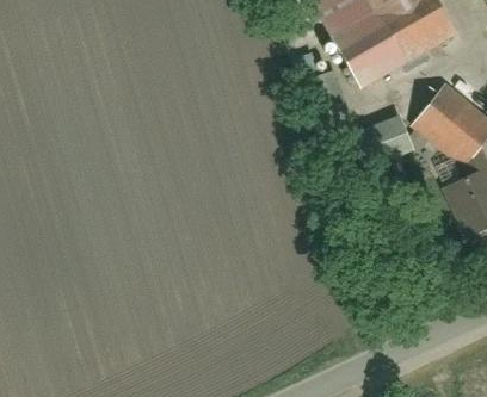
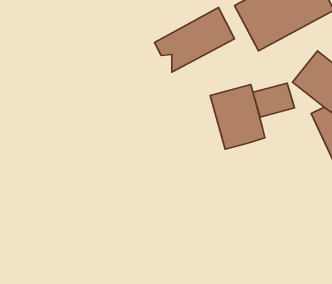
building: none -> [154,8,235,72]
building: none -> [210,85,265,149]

